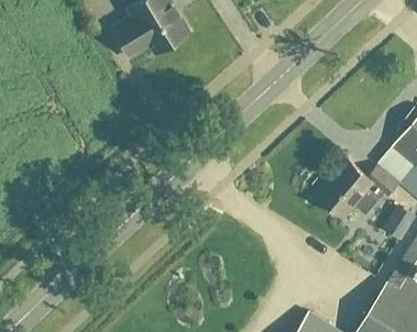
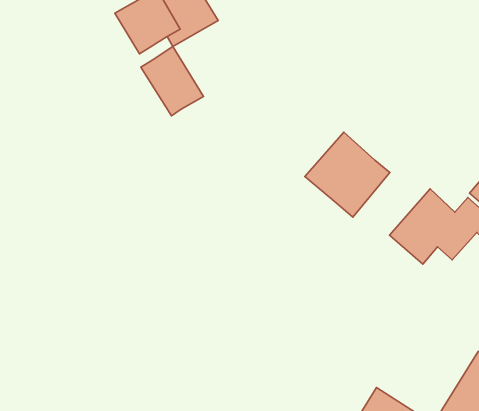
building: none -> [141,47,203,116]
building: none -> [305,132,390,217]

